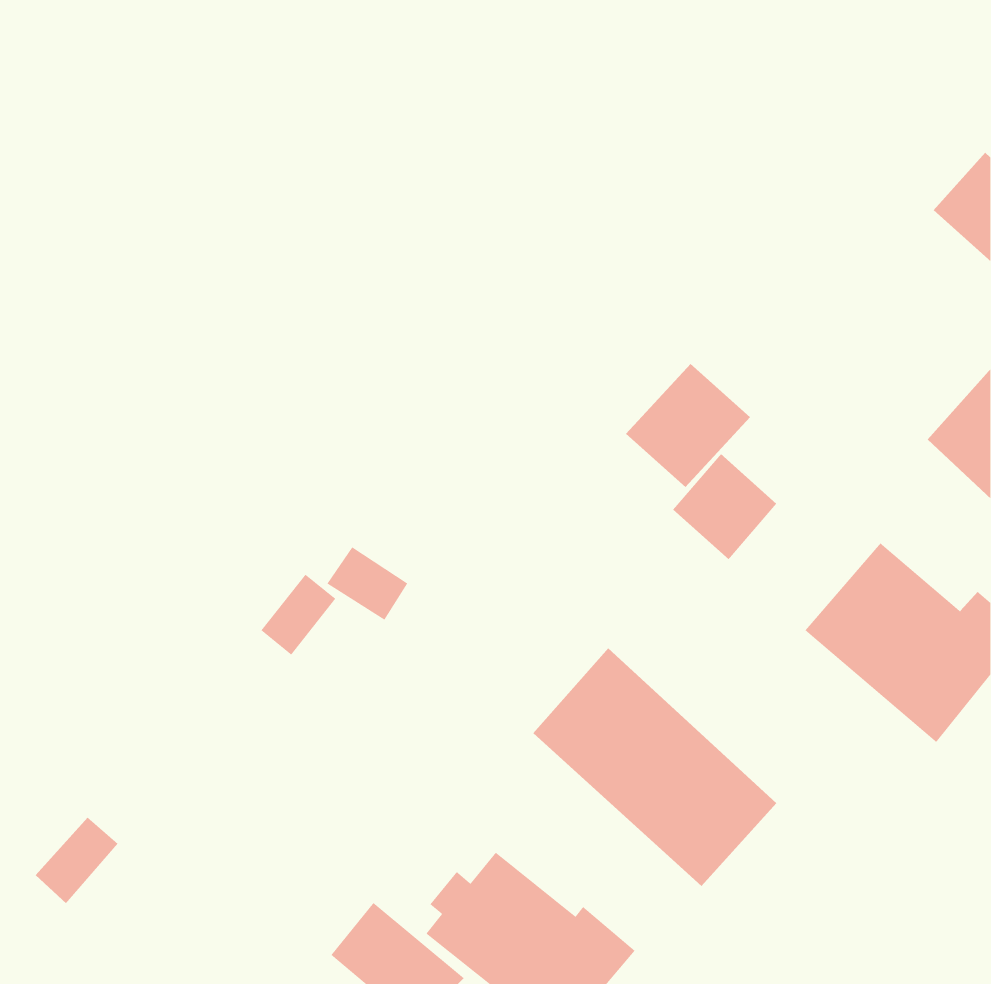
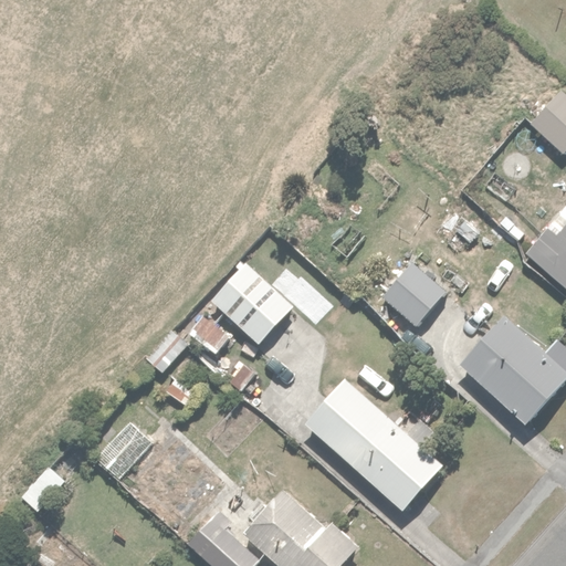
building: [625,363,751,488] -> none
building: none -> [212,262,294,344]
building: none -> [98,422,158,483]

